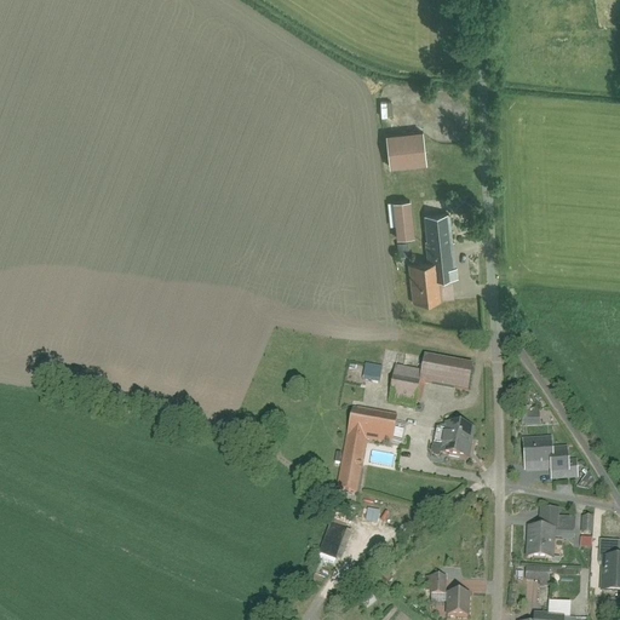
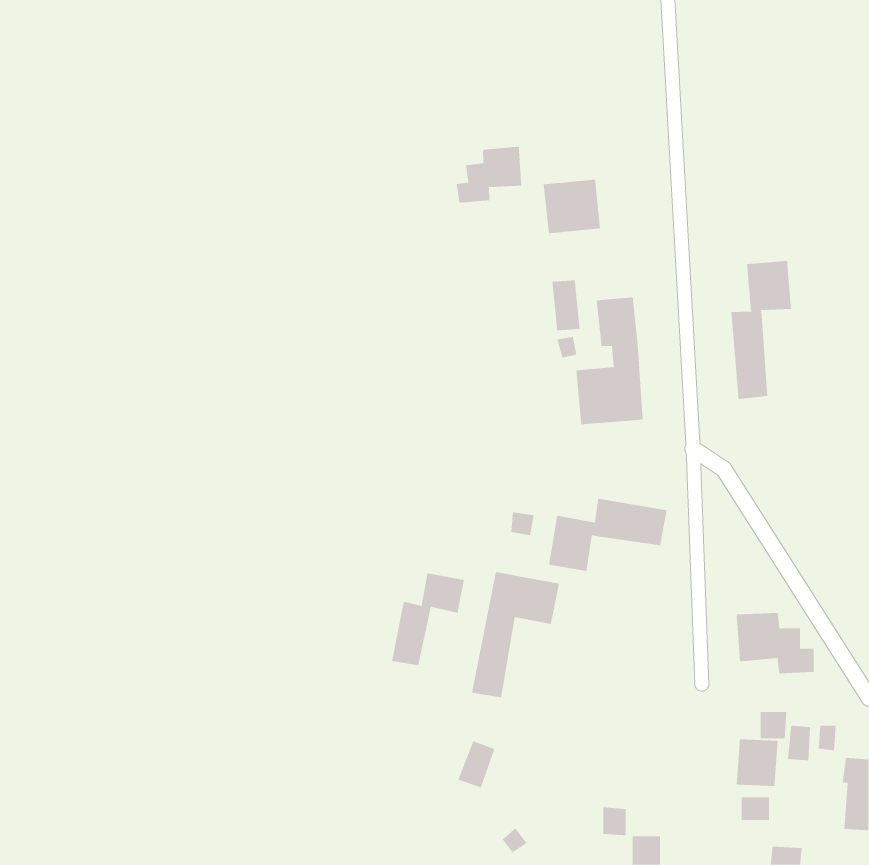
building: none -> [456,146,522,204]
building: none -> [731,260,791,400]
building: none -> [392,572,464,666]
building: [432,420,475,459] -> none

